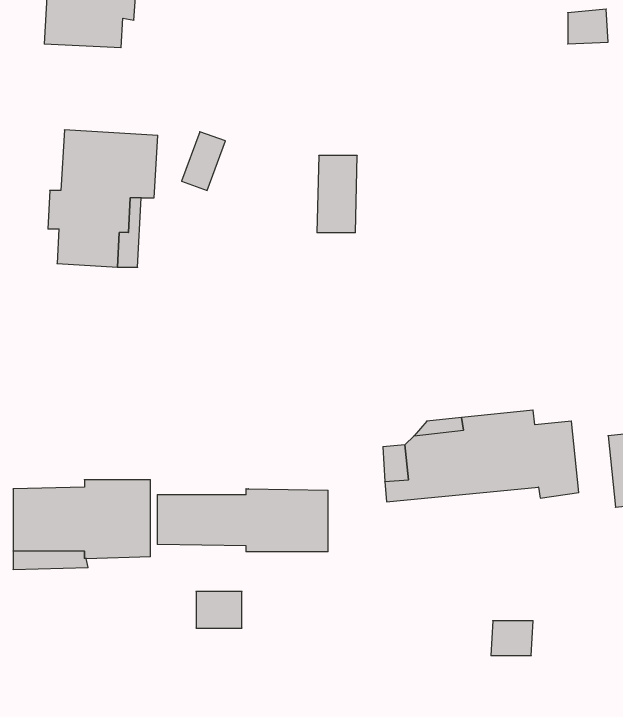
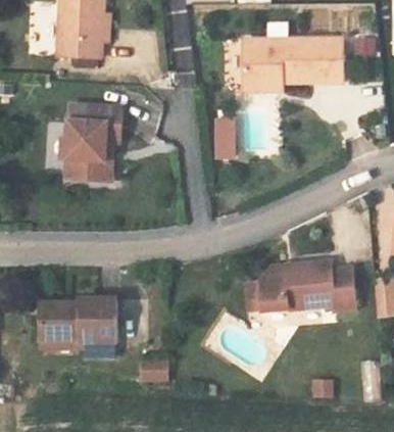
building: none -> [244,40,343,84]
building: [157,489,328,552] -> none

